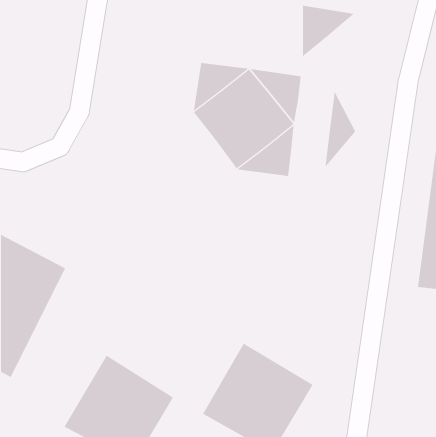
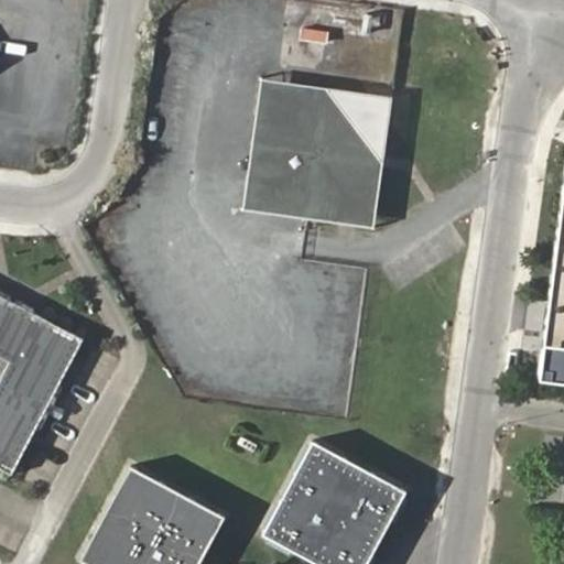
building: [302,5,355,57] -> none
building: [325,90,356,168] -> none
building: none -> [242,145,306,219]

